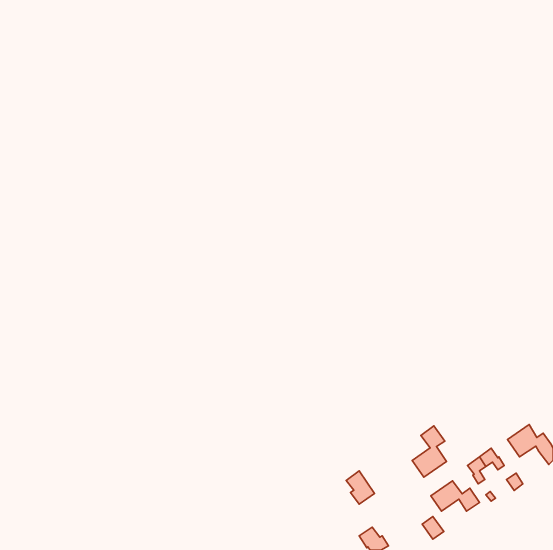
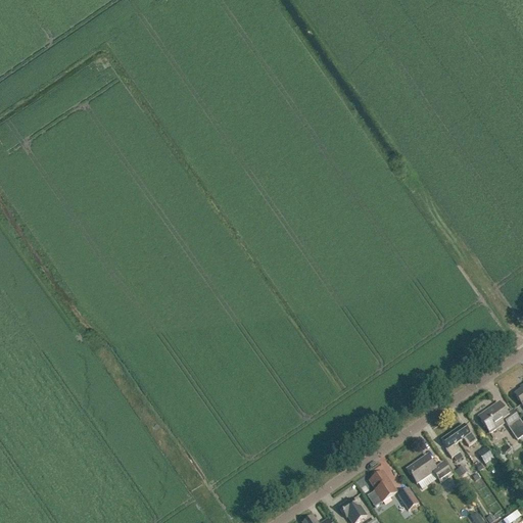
building: [412,426,446,477] -> none
building: [346,471,374,504] -> [370,470,396,502]

